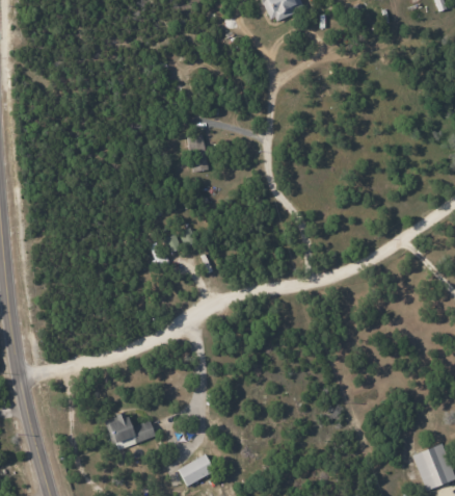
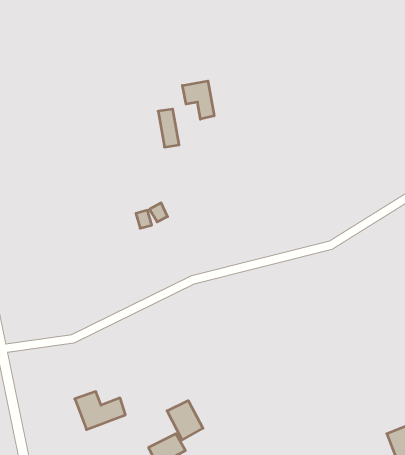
building: none -> [182,81,214,119]
building: none -> [167,401,203,440]

